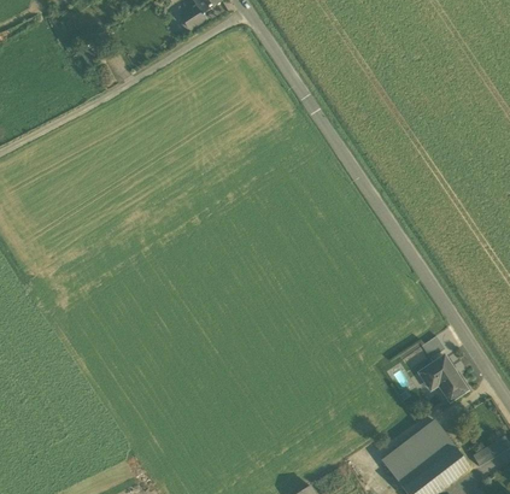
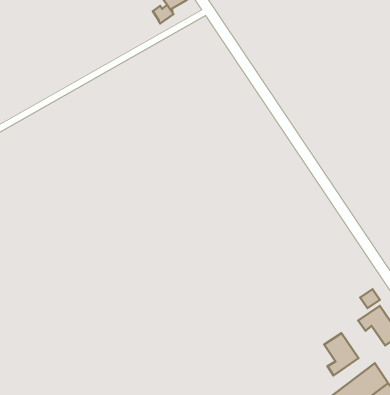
building: none -> [324,333,358,375]

